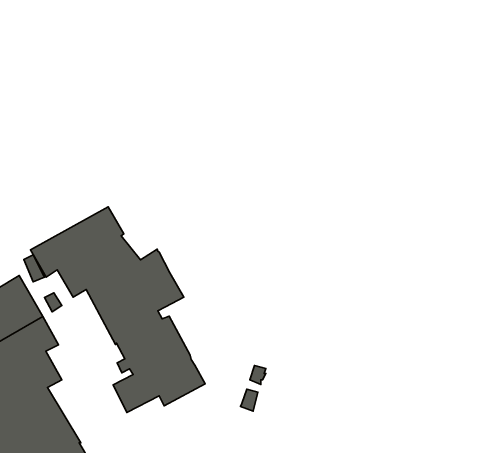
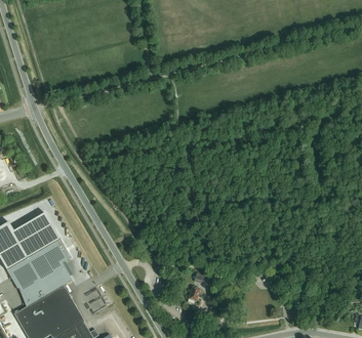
building: [30,207,205,413] -> none

